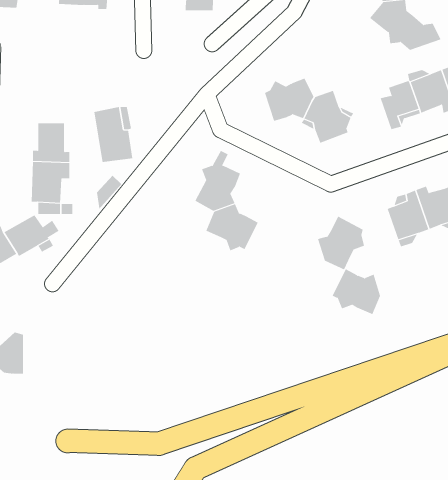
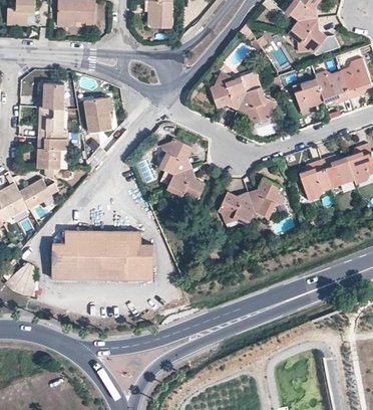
building: none -> [38,84,62,109]
building: [332,268,381,315] -> [217,190,253,224]
building: none -> [52,230,153,280]

